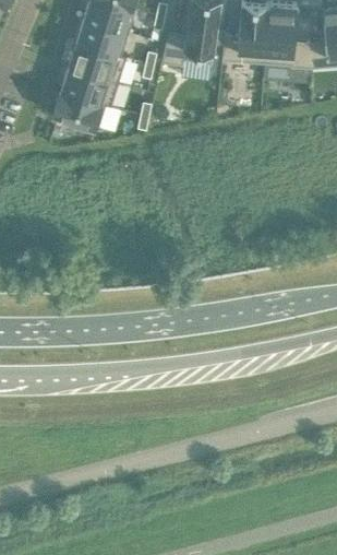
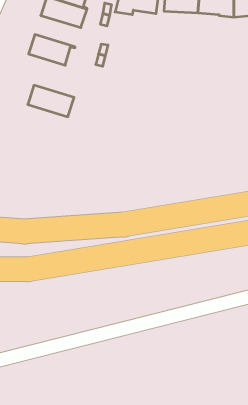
building: [60,67,118,106] -> [28,85,74,117]

